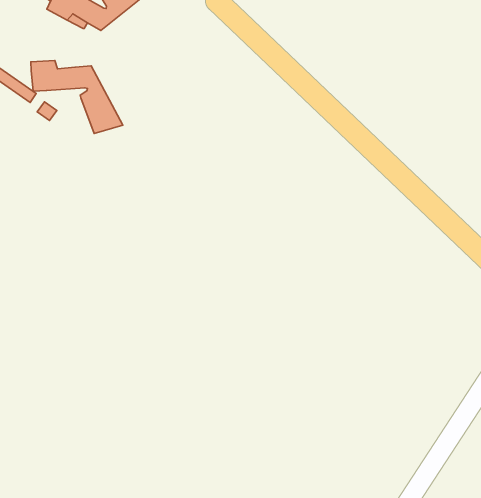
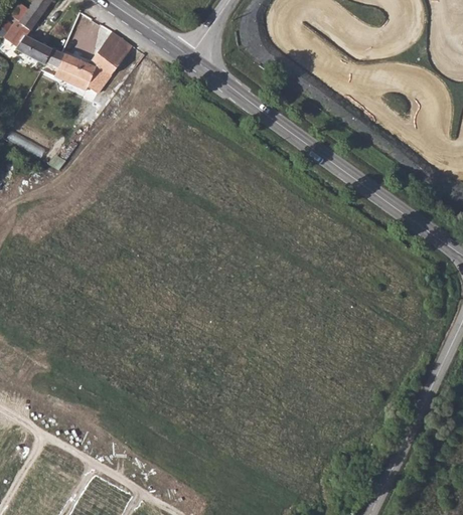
building: [31,61,123,134] -> none

